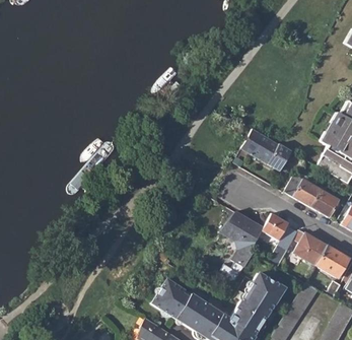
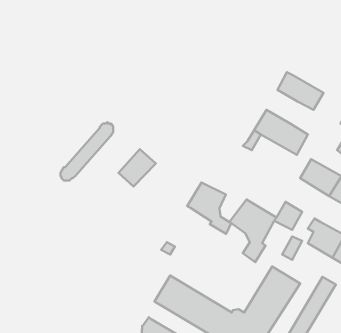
building: none -> [277,72,323,110]
building: none -> [119,149,156,186]
building: none -> [187,183,231,234]

